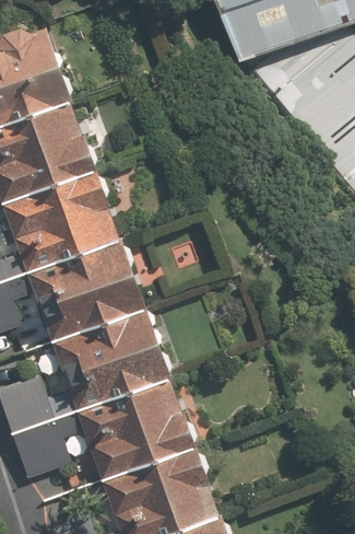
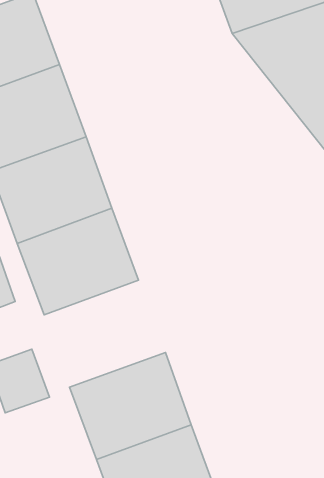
building: [50,304,169,409] -> none
building: [12,419,72,481] -> none

